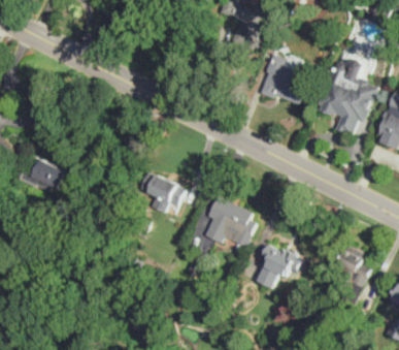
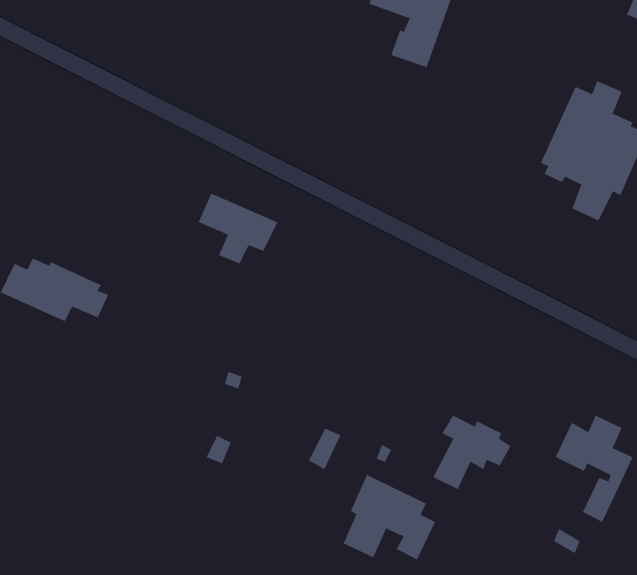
building: [258,54,313,105] -> none
building: [138,172,184,213] -> [198,193,278,264]
building: [202,196,255,245] -> [343,474,436,560]

